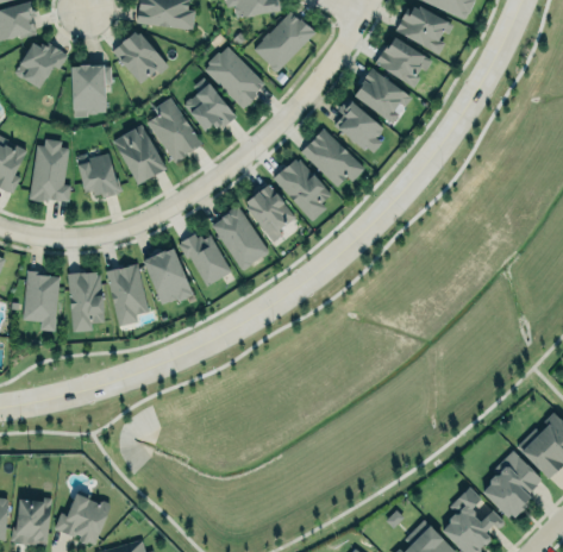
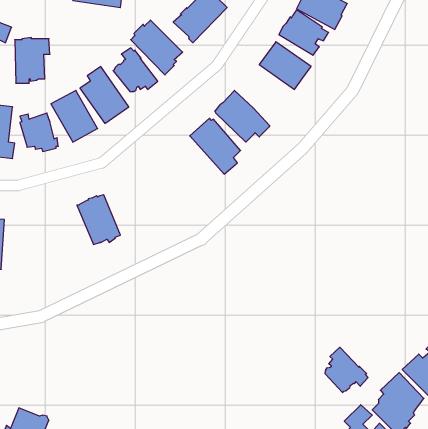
building: [114,34,168,84] -> none
building: [333,98,383,152] -> none
building: [246,182,295,240] -> none
building: [212,203,268,269] -> none
building: [179,233,234,288] -> none
building: [106,262,149,325] -> none
building: [68,270,105,331] -> none
building: none -> [325,347,368,393]

